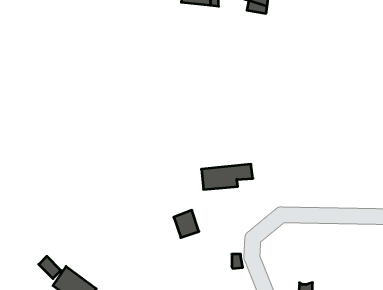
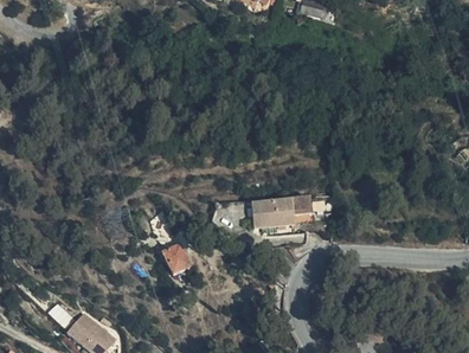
building: [174,210,199,238] -> [161,248,191,280]

